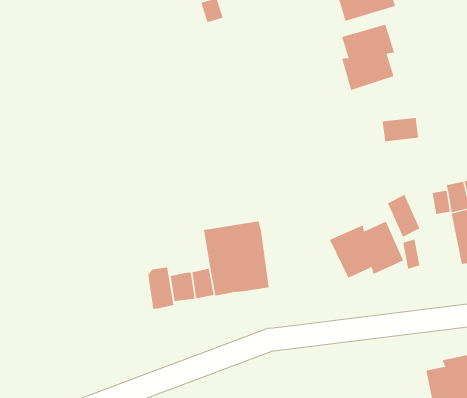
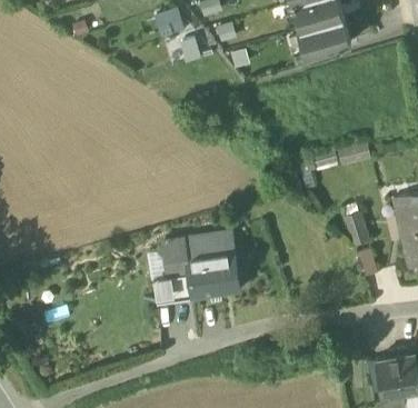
building: [342,24,395,91] -> none
building: [329,221,404,279] -> none
building: [147,267,174,309] -> [165,240,188,277]

